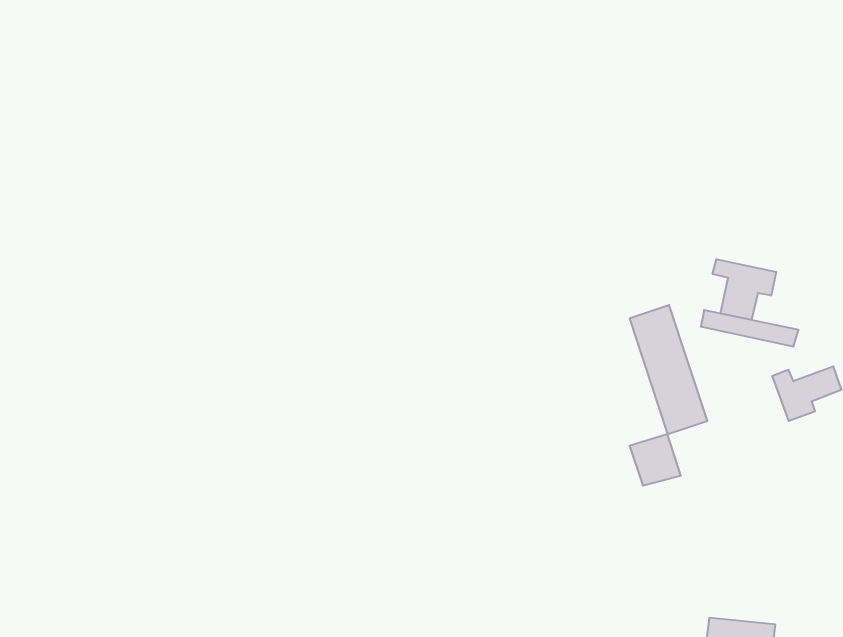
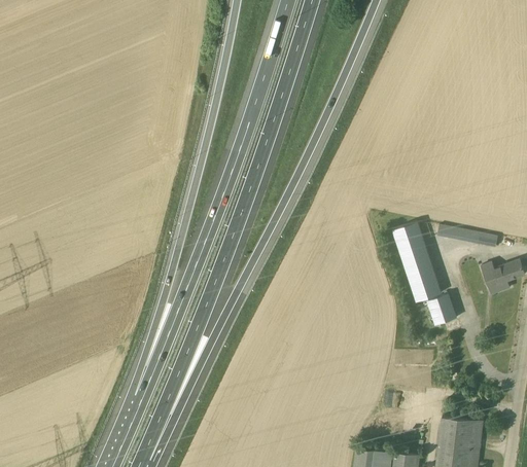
building: [713,259,776,320] -> none
building: [630,434,681,486] -> [426,293,458,325]

